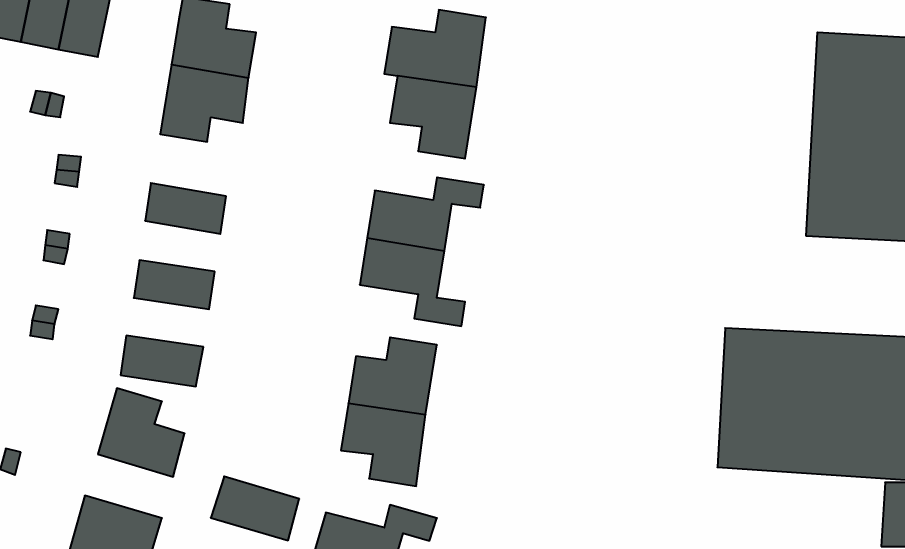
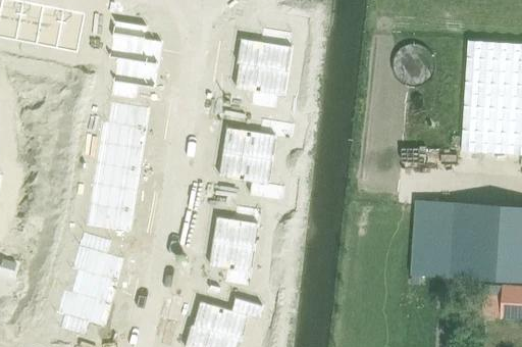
building: none -> [106,101,151,130]
building: none -> [100,143,144,170]
building: none -> [93,185,138,211]
building: [211,476,299,540] -> [70,269,118,304]

